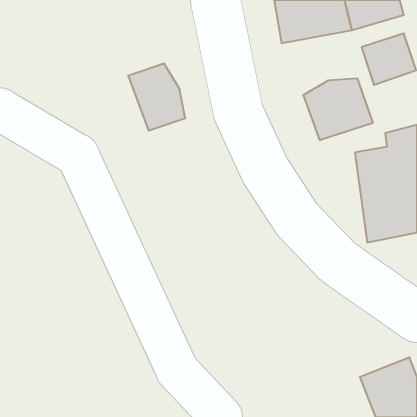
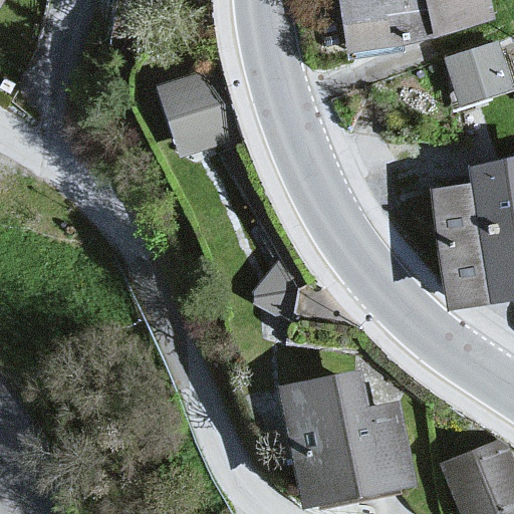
building: [304,78,373,140] -> none
building: none -> [281,371,414,505]

